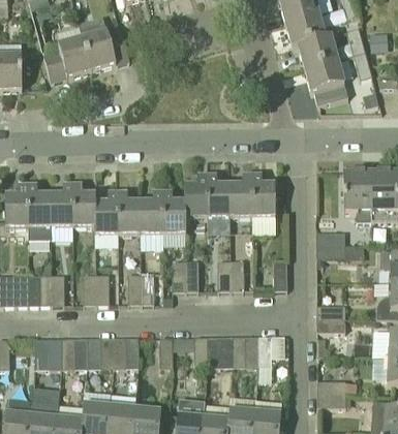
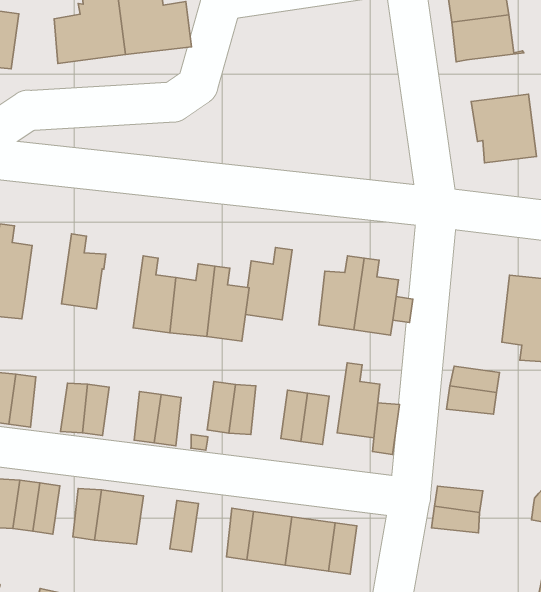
building: [298,34,338,68] -> none
building: [208,174,231,217] -> [337,363,380,438]
building: [50,183,72,226] -> none
building: [94,190,118,235] -> none

